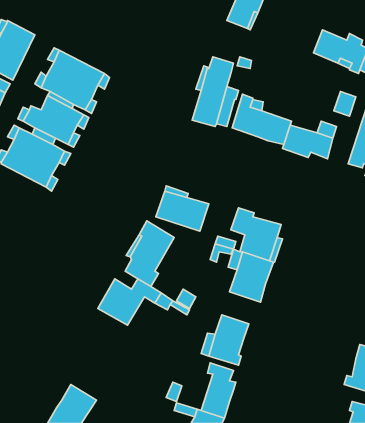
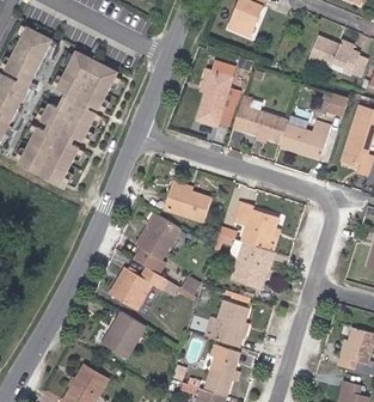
building: none -> [102,311,146,359]

